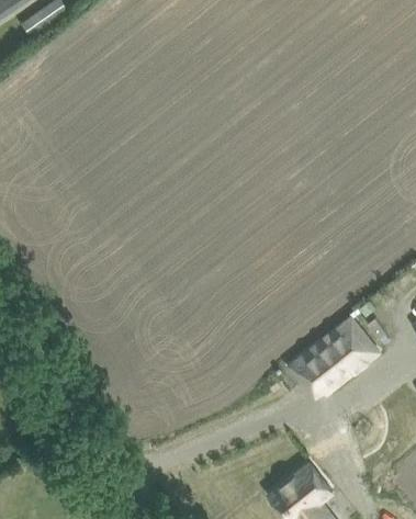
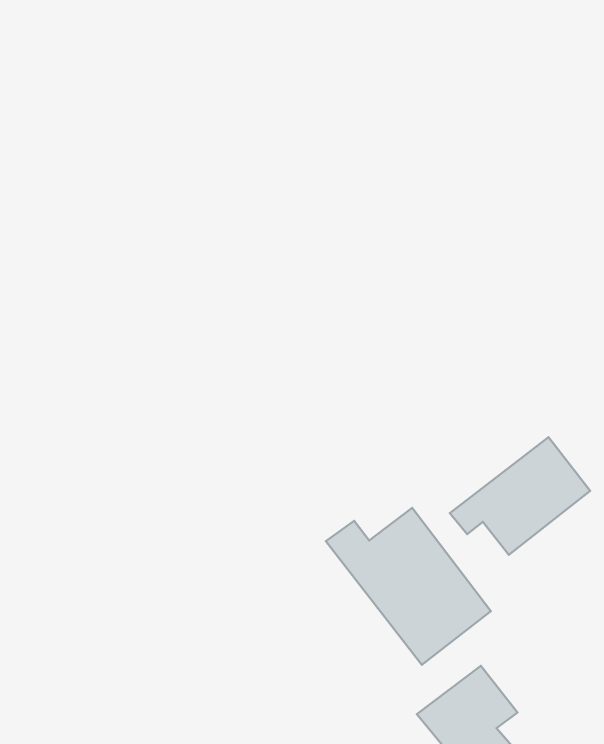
building: none -> [326,508,491,665]

